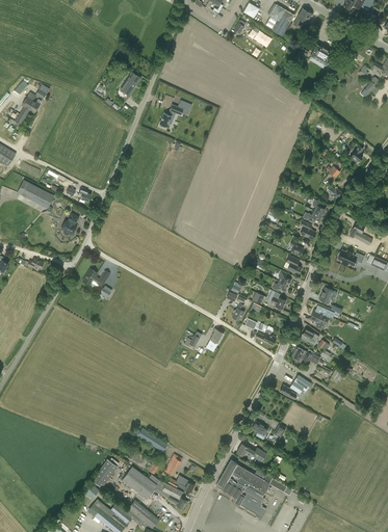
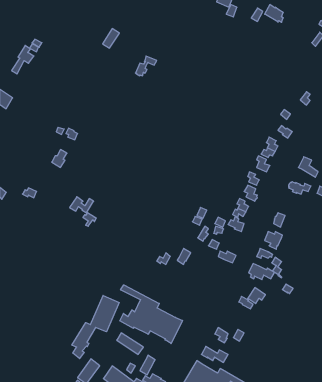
building: [17,179,54,209] -> none
building: none -> [120,285,182,344]
building: none -> [72,295,119,359]

